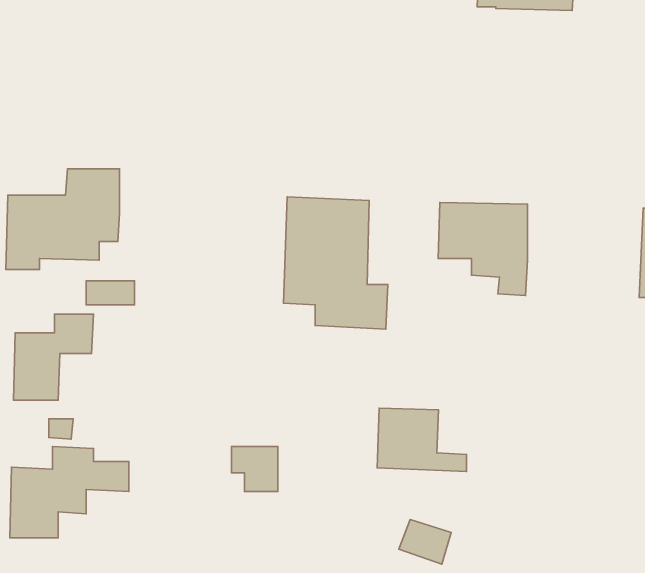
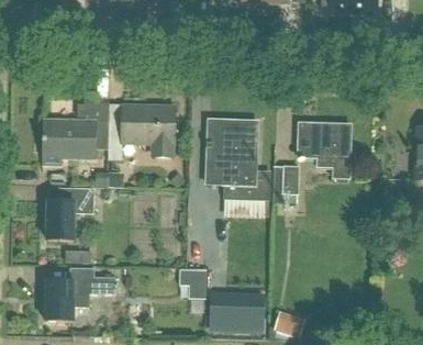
building: none -> [108,104,175,159]
building: none -> [276,166,299,201]
building: [377,408,467,471] -> [211,294,264,332]

